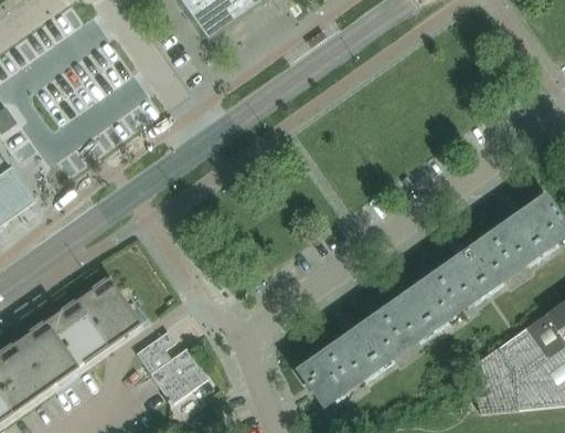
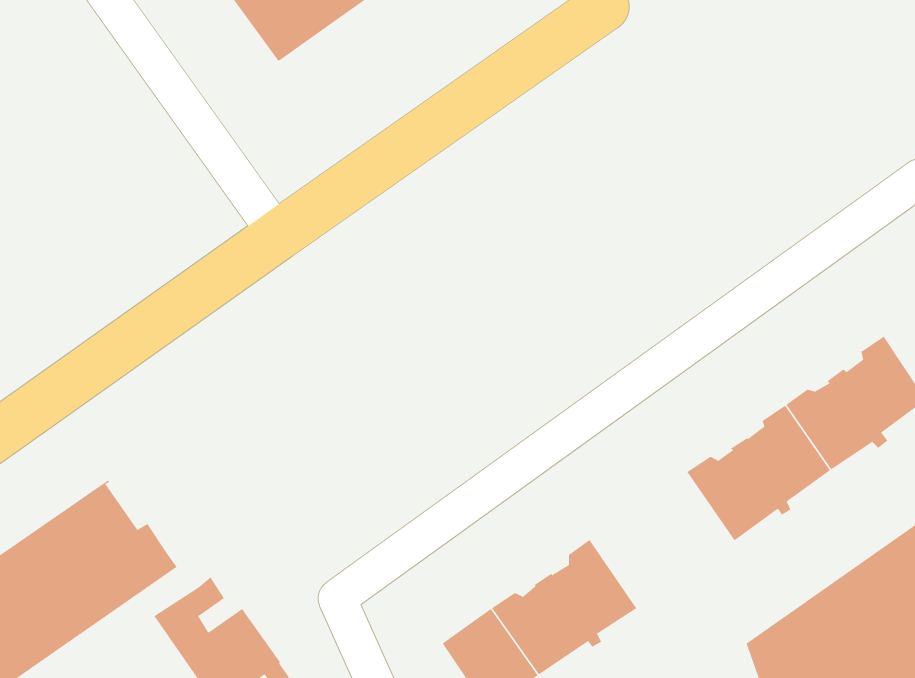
building: [380,273,460,349] -> none

